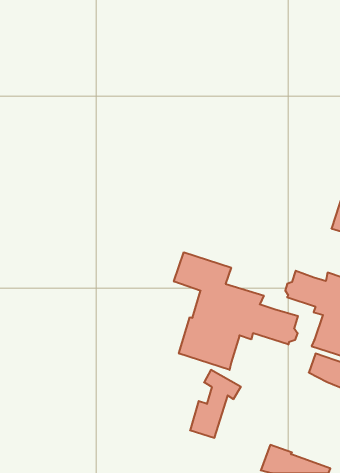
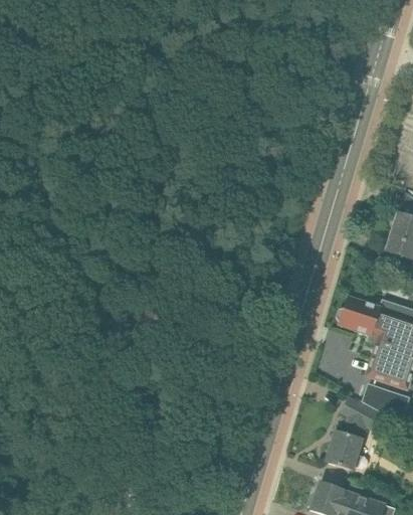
building: [174,252,298,370] -> none
building: [190,370,241,438] -> [327,397,381,470]

